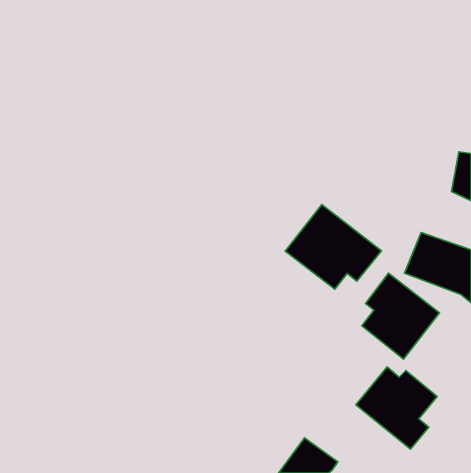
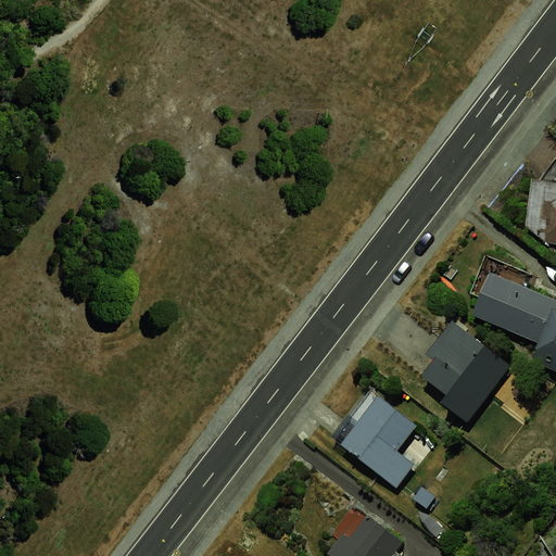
building: [285,204,381,289] -> none
building: [356,367,437,449] -> [326,391,421,488]

